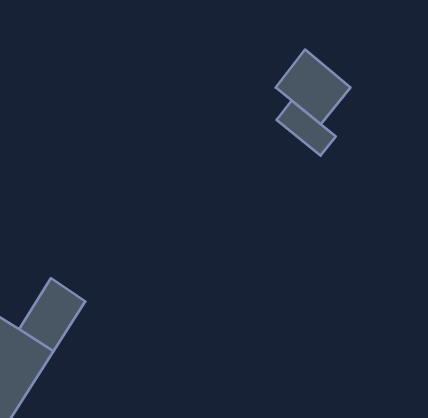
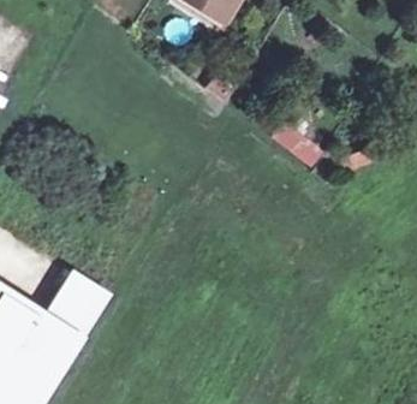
building: [276,50,350,124] -> none

